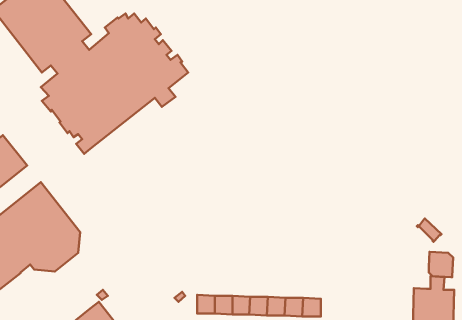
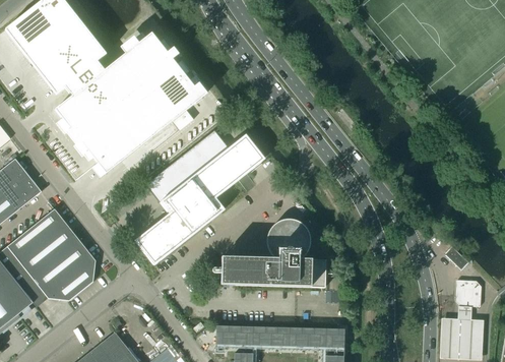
building: none -> [134,129,264,264]
building: none -> [219,219,325,287]

